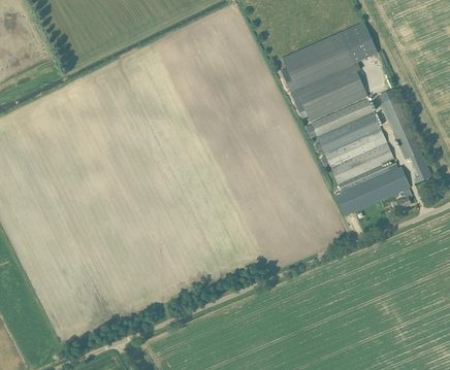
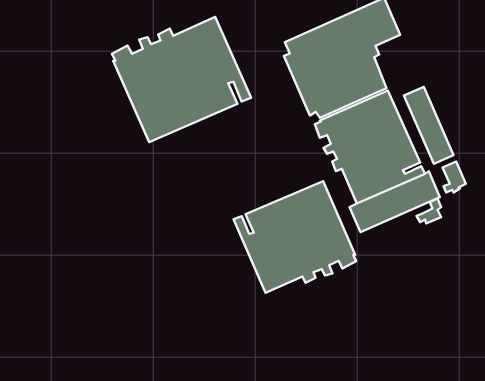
building: none -> [112,17,251,142]
building: none -> [233,181,356,293]

